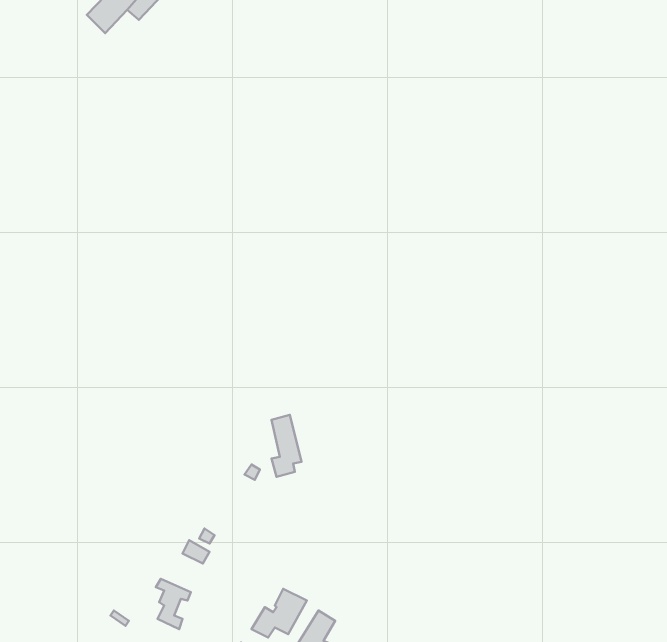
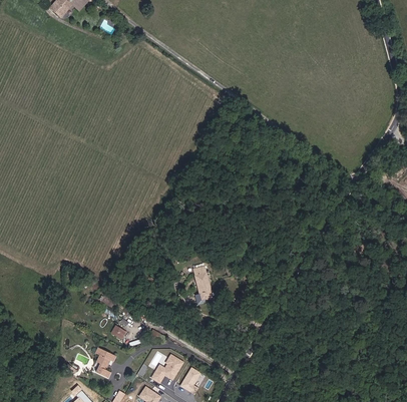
building: [271,415,302,477] -> [193,267,212,304]

